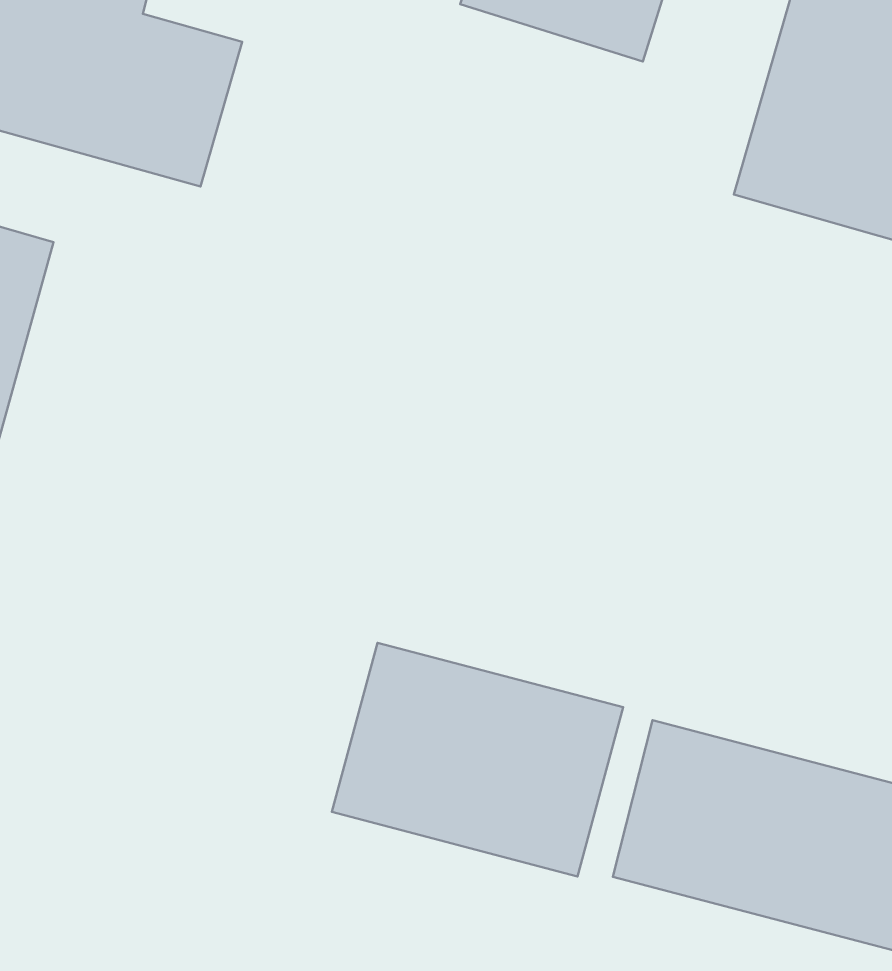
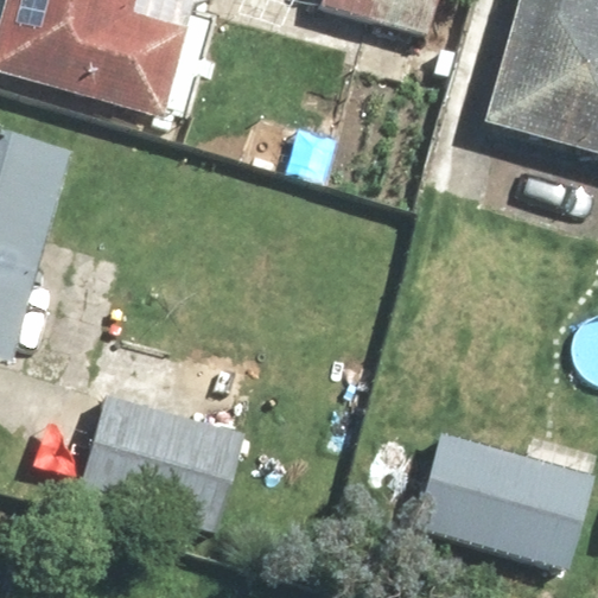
building: [332,643,623,876] -> none
building: none -> [76,397,246,535]

